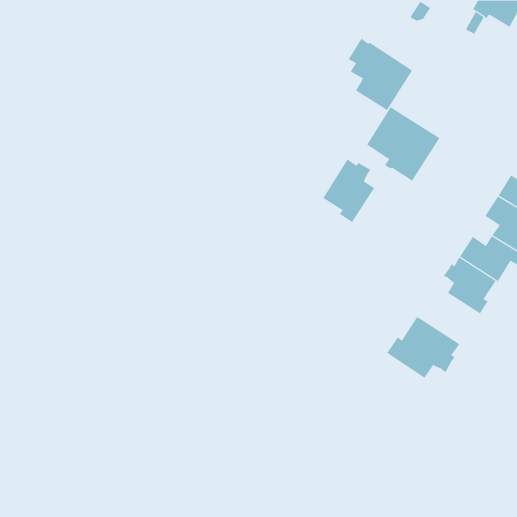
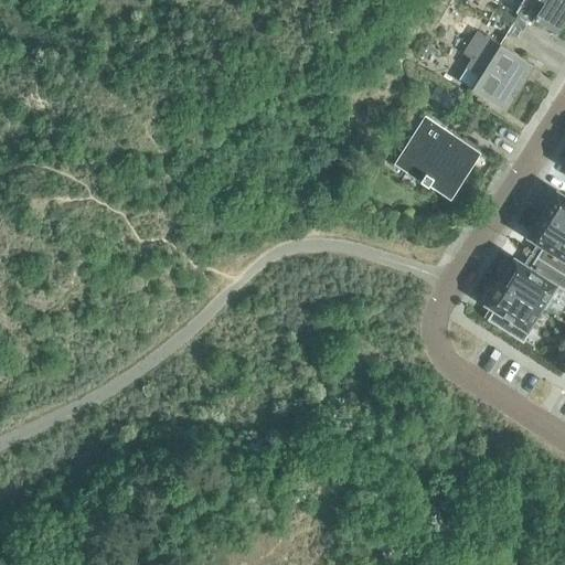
building: [348,38,413,111] -> [463,31,534,110]
building: [322,159,375,223] -> none
building: [386,316,460,378] -> none

